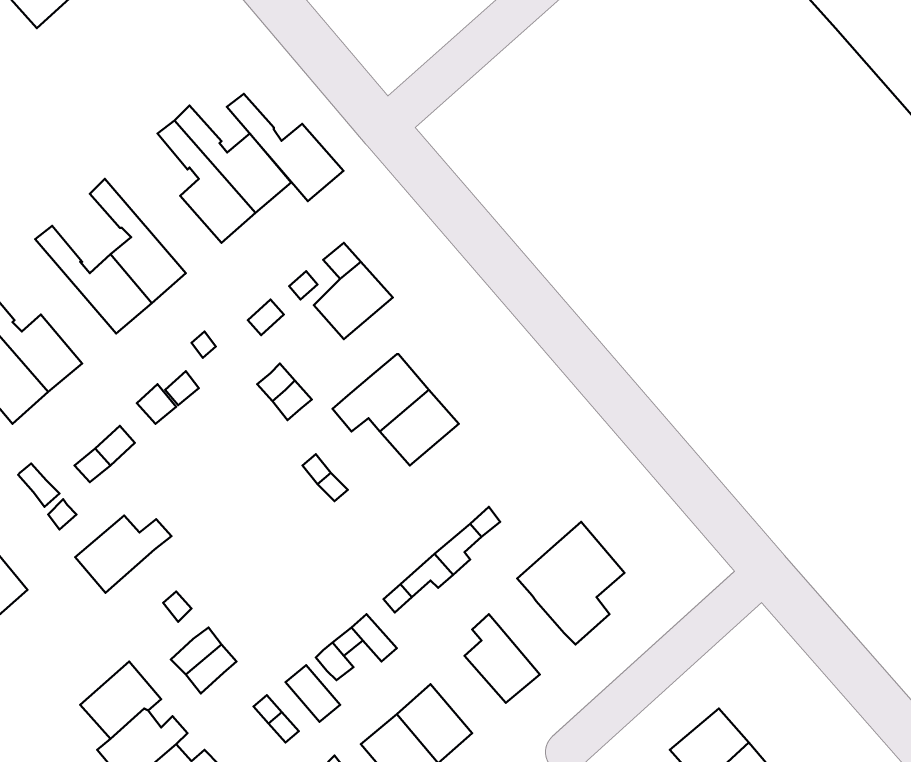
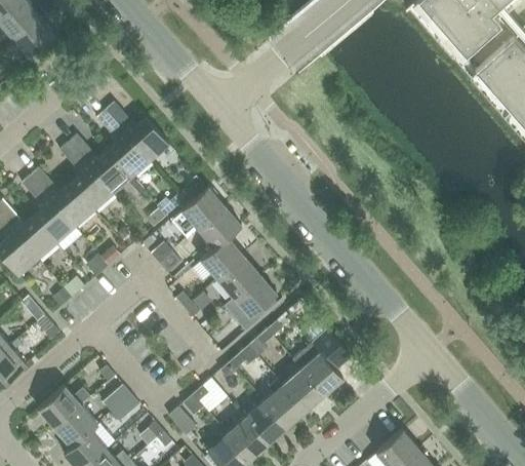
building: [227,94,344,201] -> [68,135,131,194]
building: none -> [22,176,74,243]
building: none -> [198,207,241,248]
building: none -> [224,276,277,332]
building: [75,516,171,593] -> [38,387,90,429]
building: none -> [282,360,324,413]
building: none -> [245,402,286,444]

